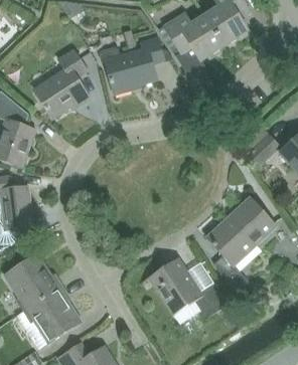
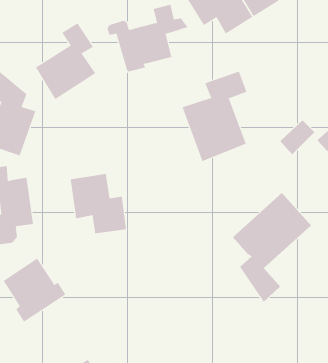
building: none -> [182,71,247,162]
building: none -> [70,173,126,234]
building: [149,257,228,318] -> none
building: [24,287,81,341] -> none

